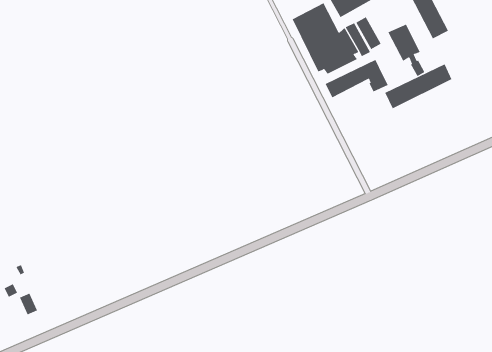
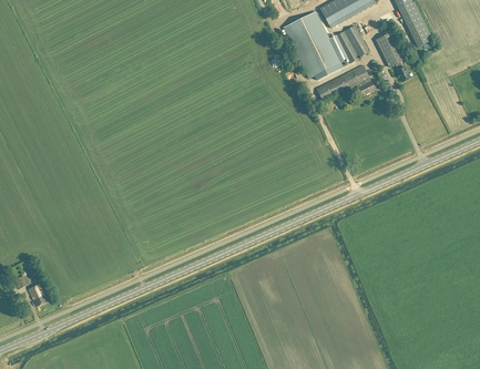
building: [384,63,452,109] -> none

